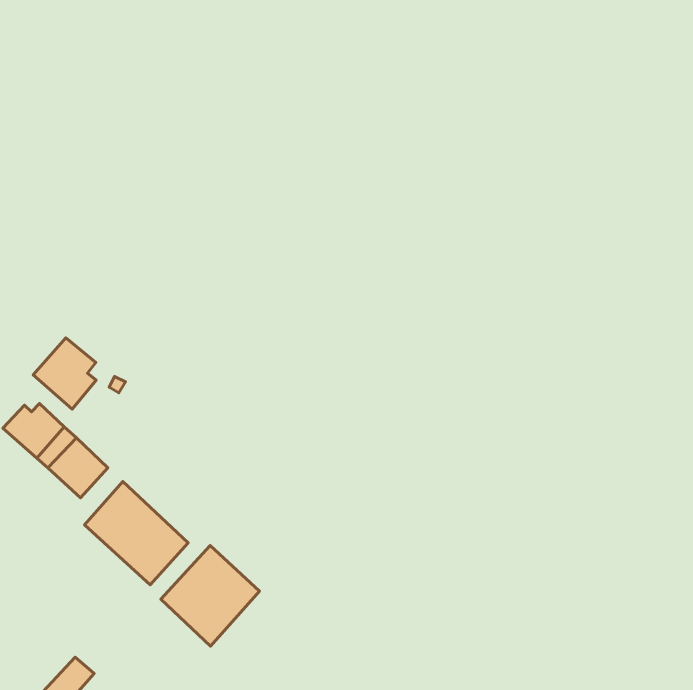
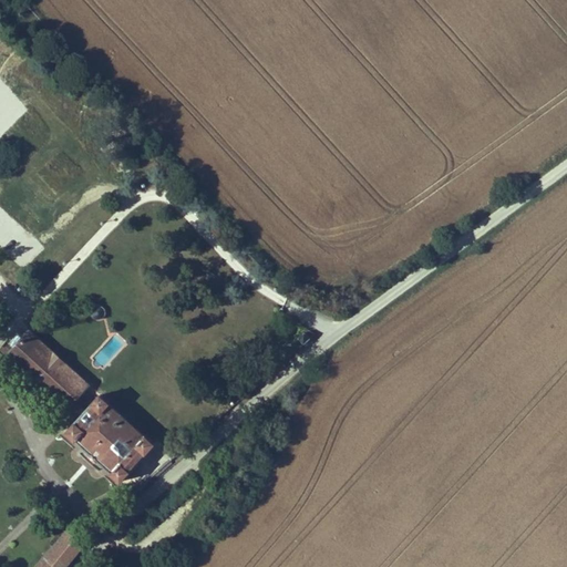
building: [33,338,96,409] -> none
building: [161,545,259,646] -> none

